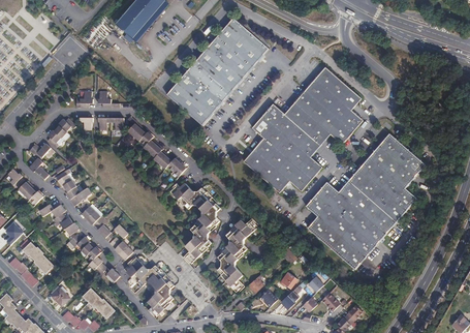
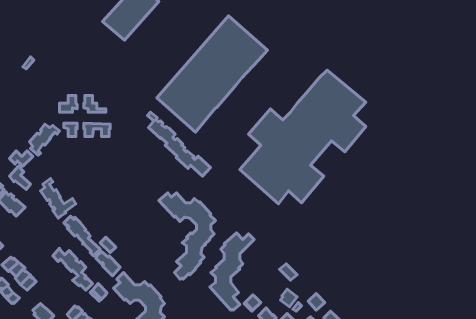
building: [127,116,186,176] -> [147,112,210,176]
building: [306,133,426,269] -> none
building: [39,201,79,235] -> none

